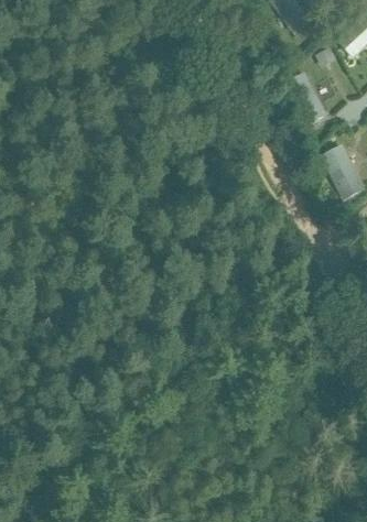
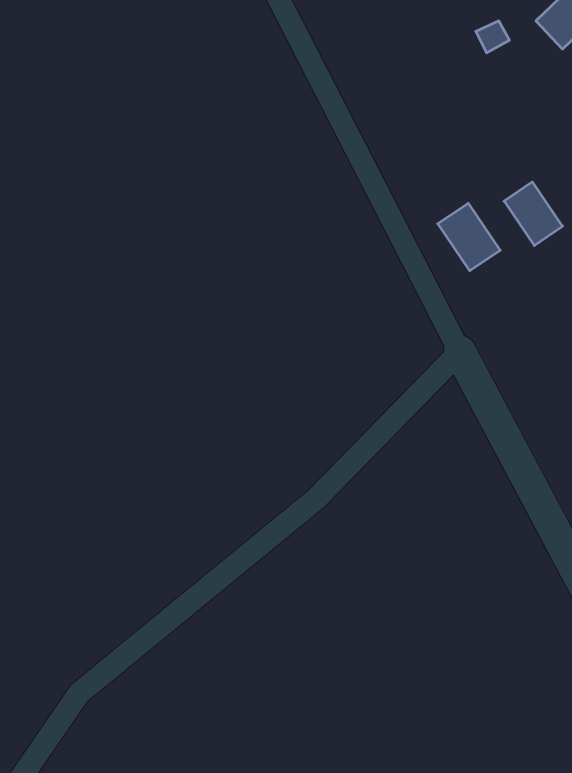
building: none -> [438,203,500,271]

